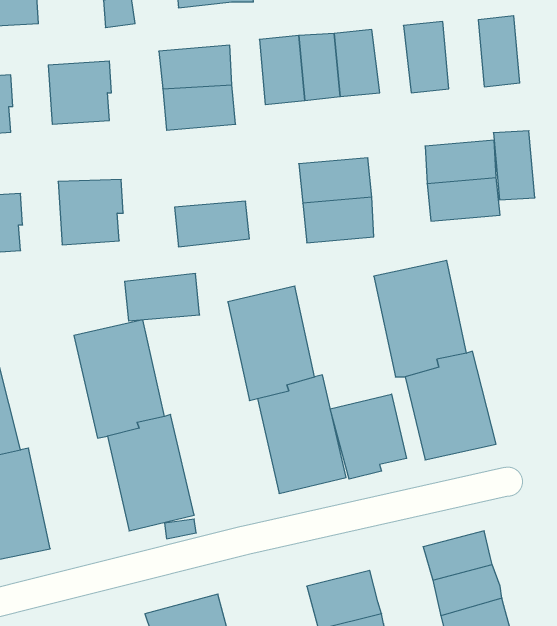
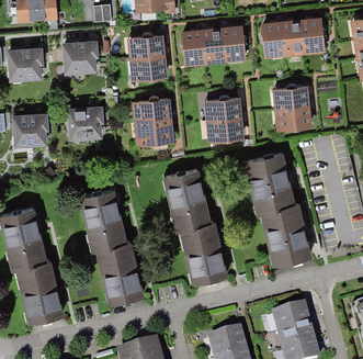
building: [493,131,535,200] -> [282,18,305,56]
building: [125,274,200,321] -> [131,96,172,122]
building: [330,394,407,479] -> none

